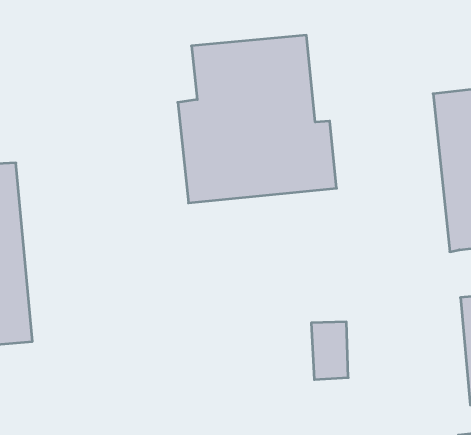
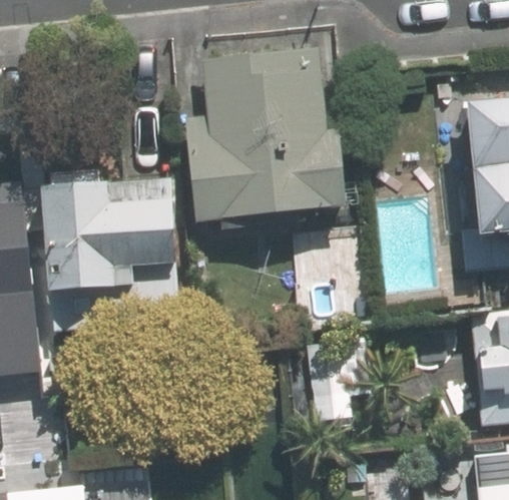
building: none -> [51,175,189,323]

